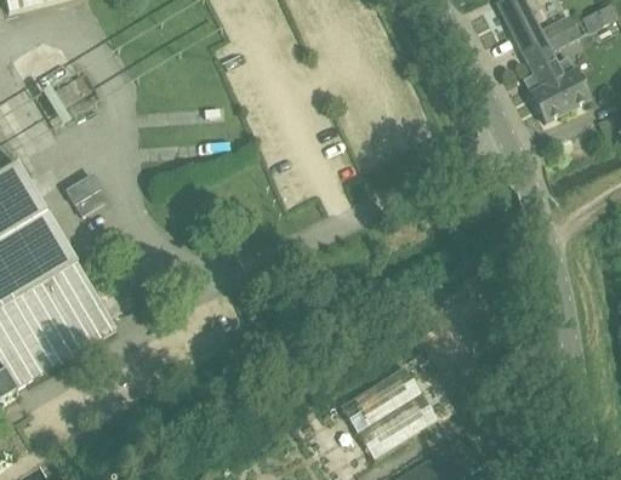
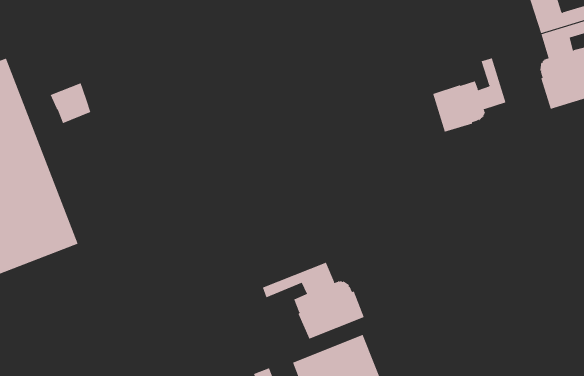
building: none -> [432,58,506,133]
building: none -> [262,262,364,339]

